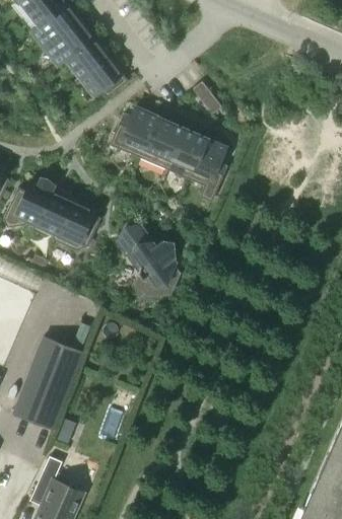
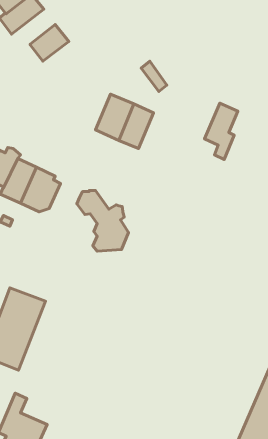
building: [45,20,94,67] -> none
building: [80,57,128,97] -> none
building: [110,106,157,157] -> none
building: [189,138,226,202] -> [205,103,238,159]

